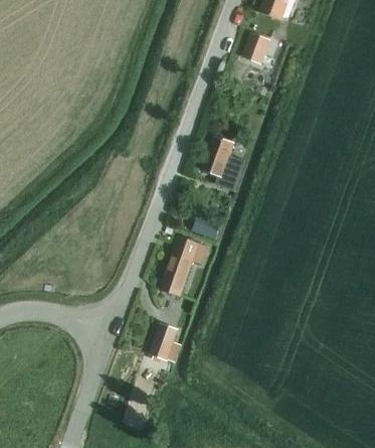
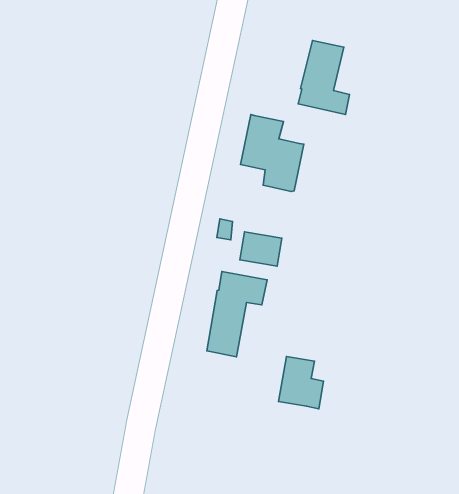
building: none -> [298,41,349,115]
building: [149,324,181,362] -> [278,356,324,409]

